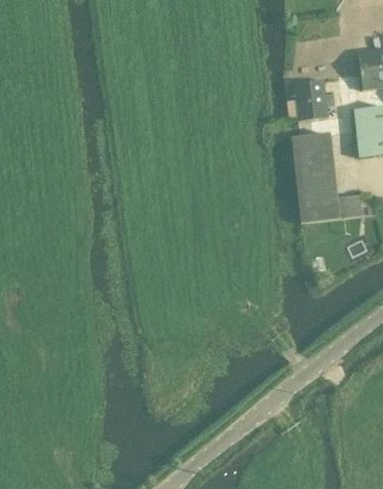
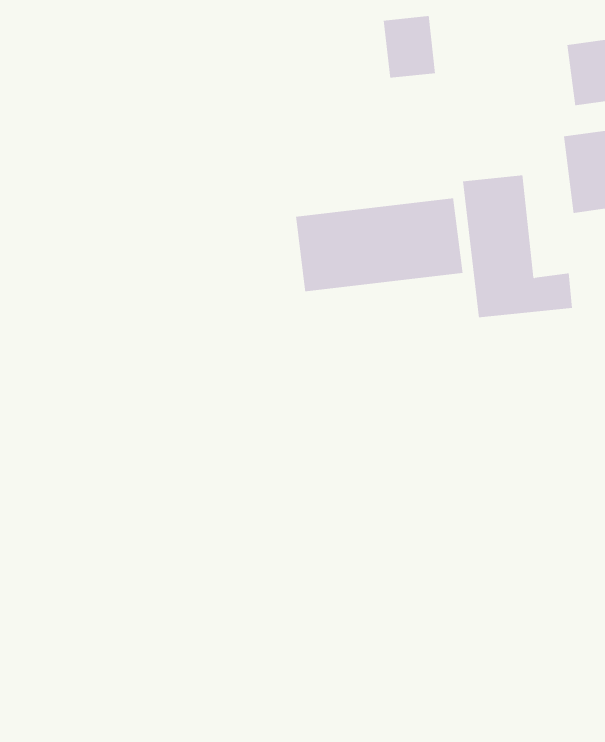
building: [295,80,329,119] -> [383,16,436,78]
building: none -> [295,197,463,292]

